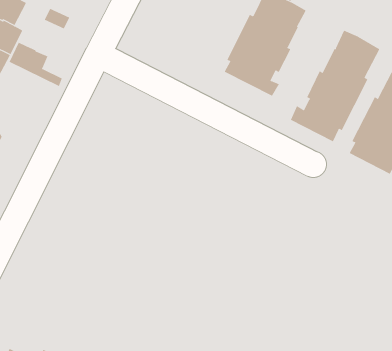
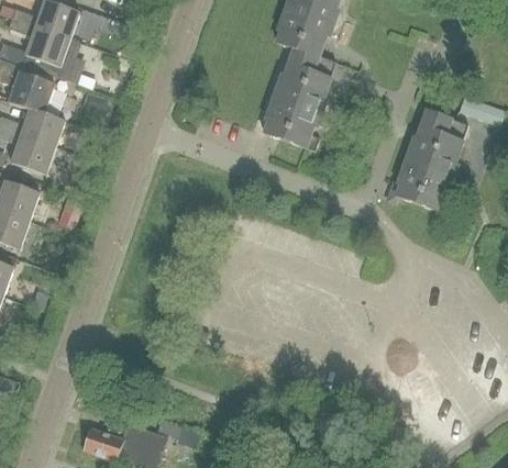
building: [290,30,380,142] -> none
building: [9,42,62,87] -> none

